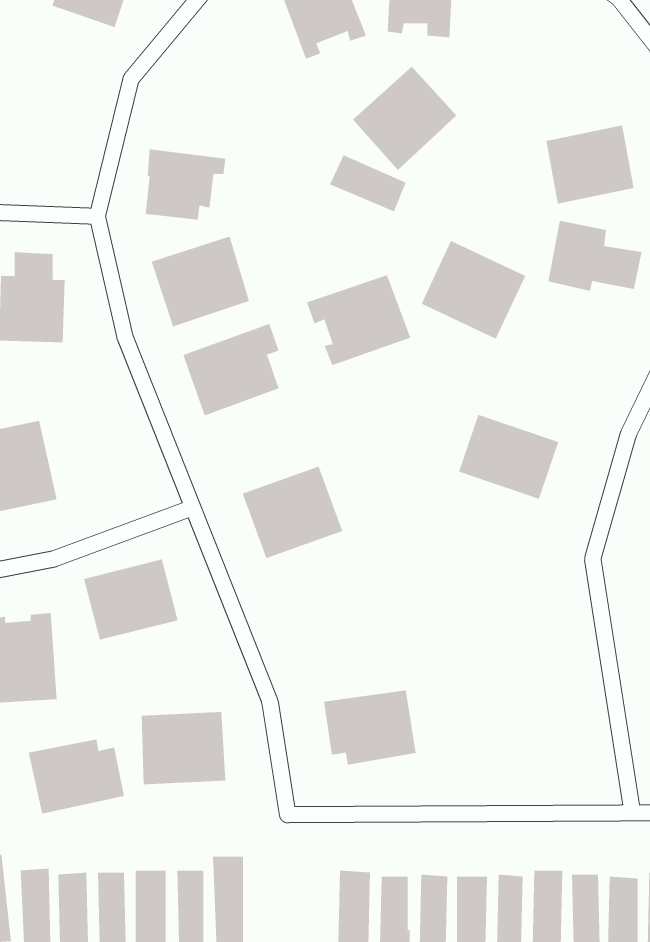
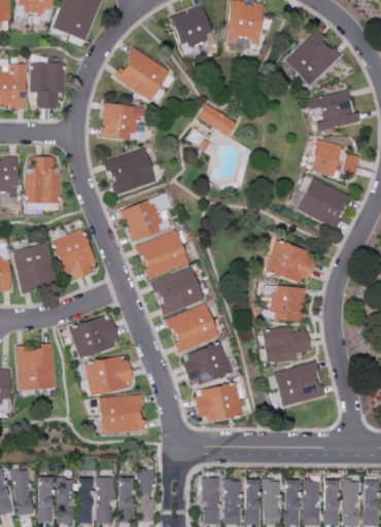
building: none -> [112,47,170,100]
building: [352,66,457,171] -> [285,31,340,85]
building: none -> [30,62,64,108]
building: [421,240,526,339] -> [296,177,350,229]
building: [306,275,411,366] -> [134,231,188,278]
building: none -> [55,230,94,278]
building: none -> [270,285,304,321]
building: none -> [166,304,218,351]
building: none -> [262,326,309,362]
building: none -> [182,341,233,386]
building: none -> [273,362,322,406]
building: [28,739,125,814] -> [83,355,134,394]

